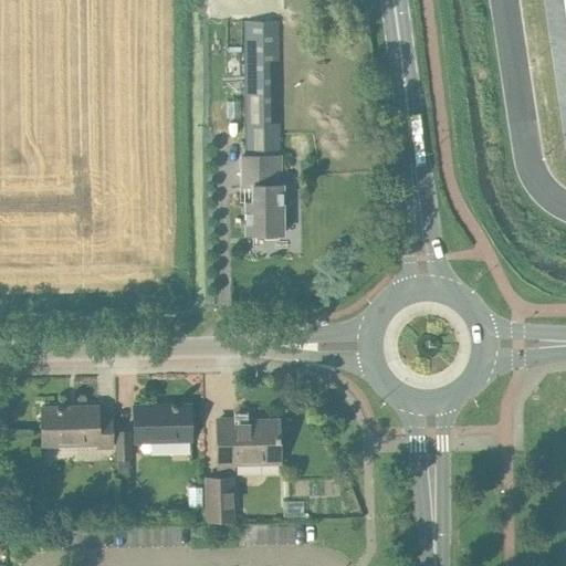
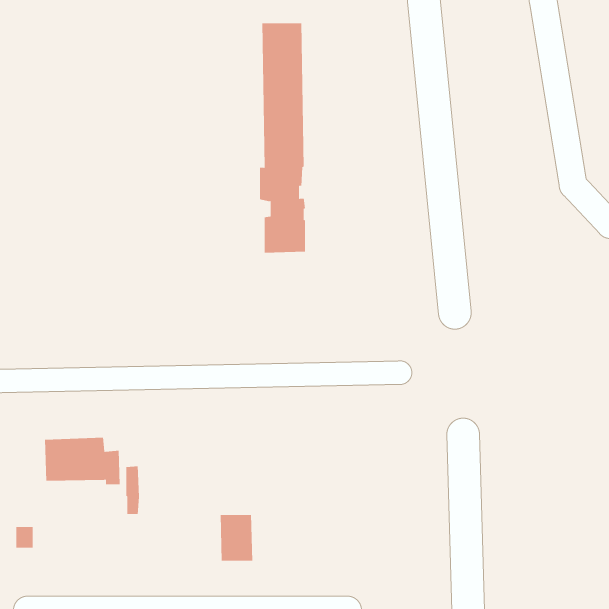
building: [134,405,191,443] -> none
building: [218,421,280,472] -> none

